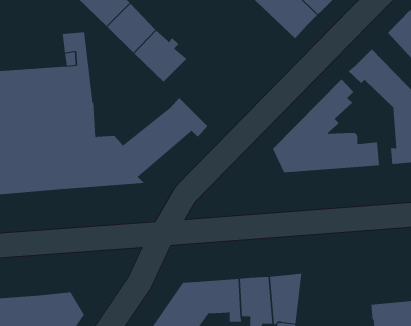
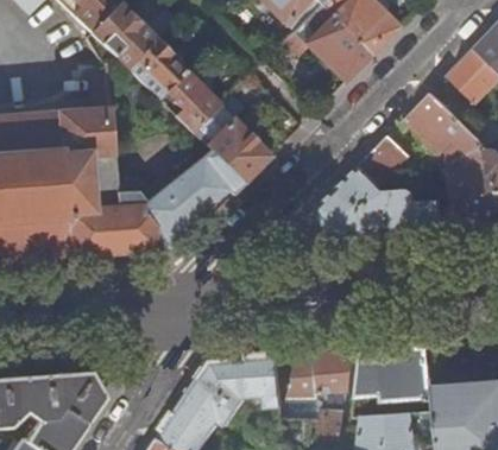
building: none -> [193,97,271,182]
building: none -> [355,346,431,404]

